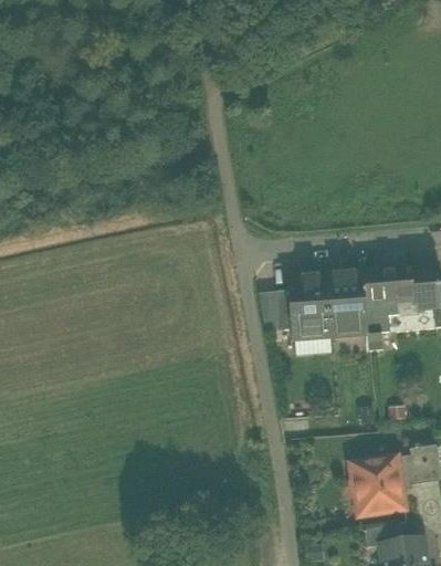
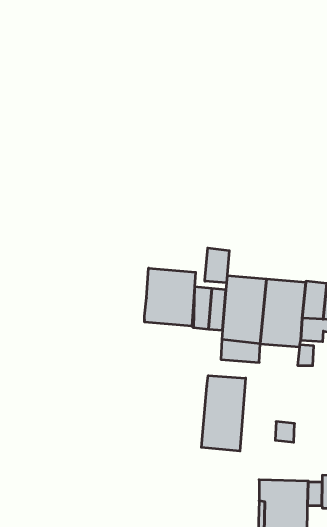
building: none -> [205,248,229,283]
building: none -> [144,268,196,326]
building: none -> [201,376,246,451]

